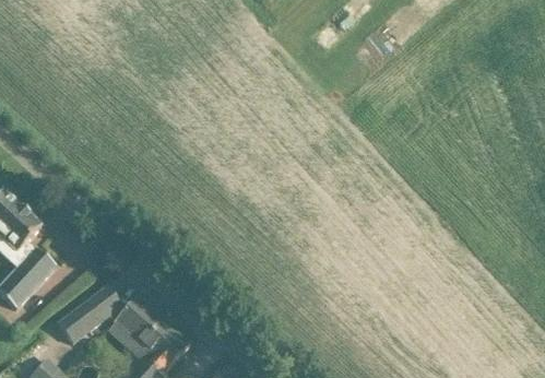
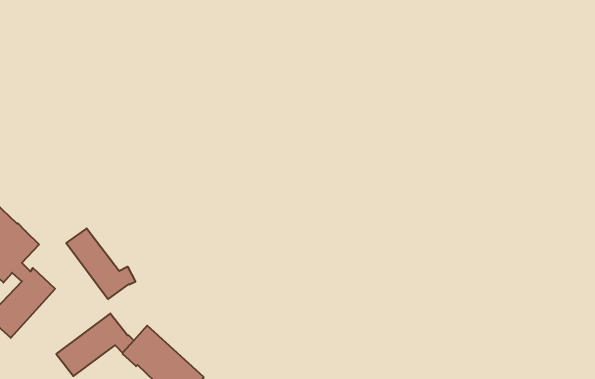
building: none -> [66,228,135,299]

